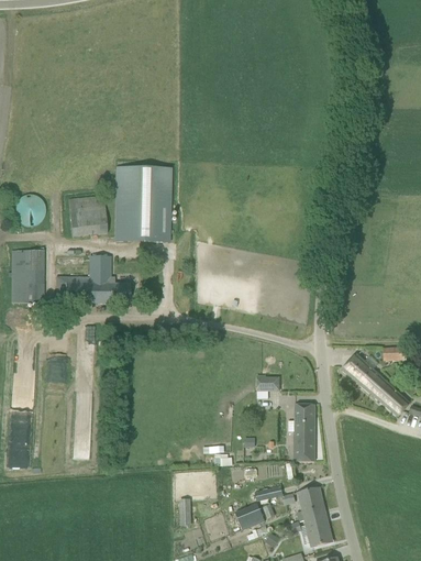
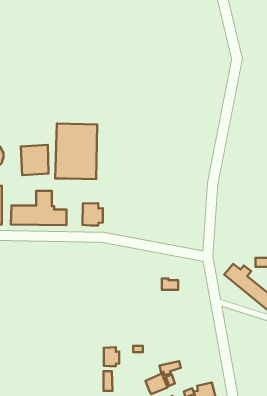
building: none -> [82,203,103,226]
building: [293,404,315,461] -> none
building: none -> [104,347,119,366]
building: [299,486,325,519] -> none

